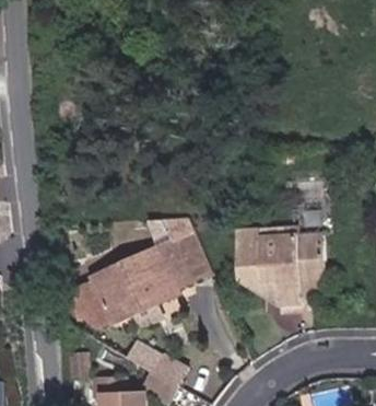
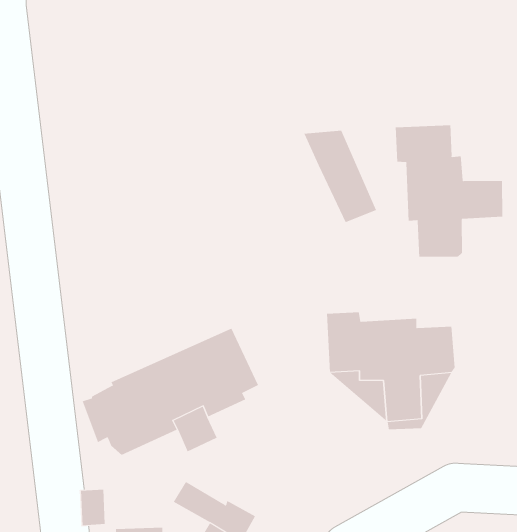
building: none -> [395,125,503,258]
building: [162,217,212,280] -> [303,130,377,223]

